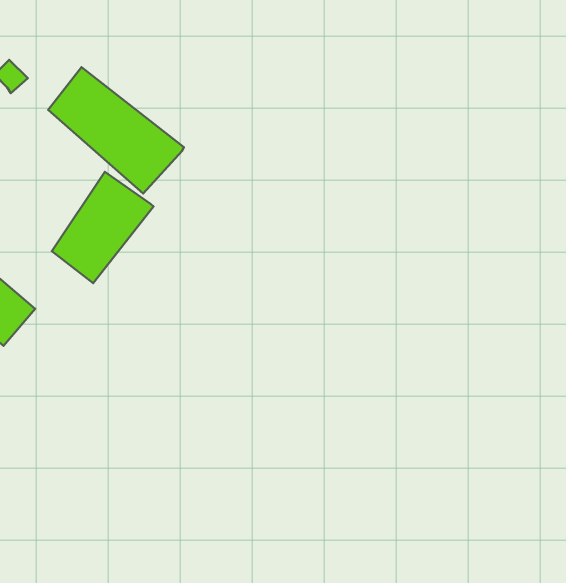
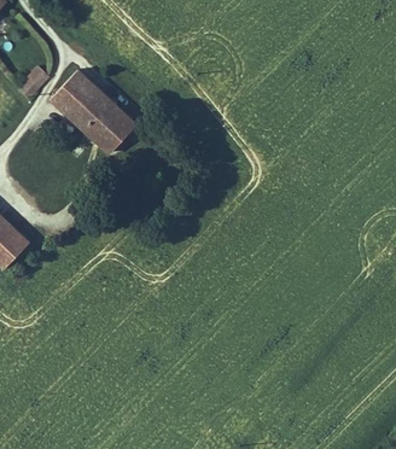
building: [52,172,153,283] -> none

